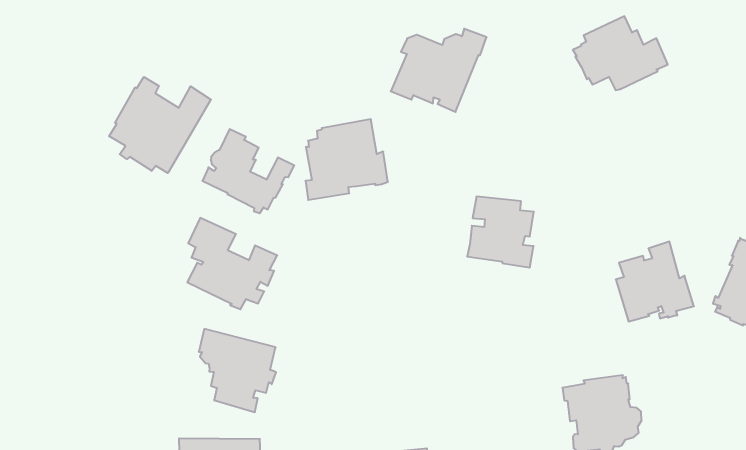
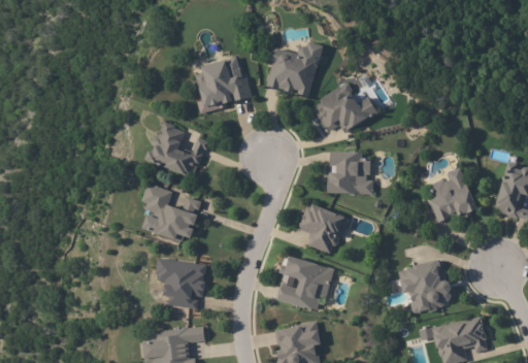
building: [573,16,668,90] -> [315,84,378,133]
building: [109,77,211,173] -> none
building: [305,119,388,200] -> [197,56,254,113]
building: none -> [296,204,350,254]
building: none -> [276,255,335,310]

